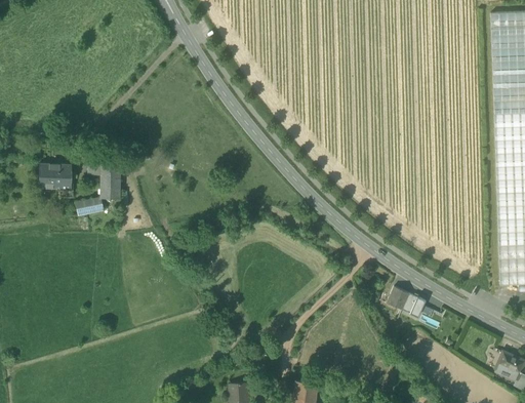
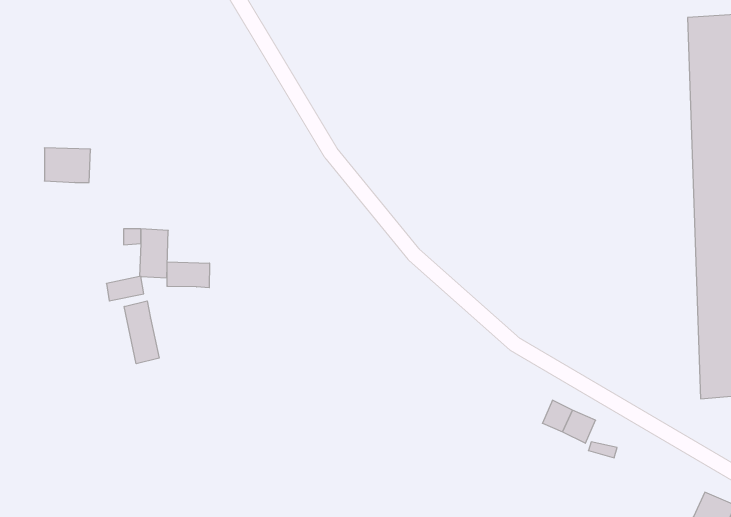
building: [41,164,74,189] -> [44,148,91,182]
building: none -> [167,262,209,288]
building: none -> [124,301,159,364]

